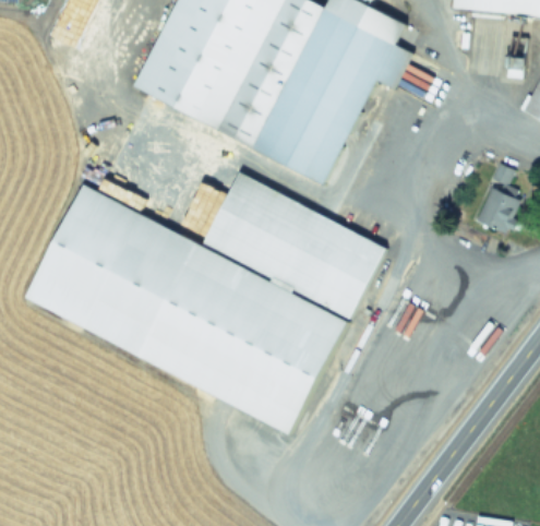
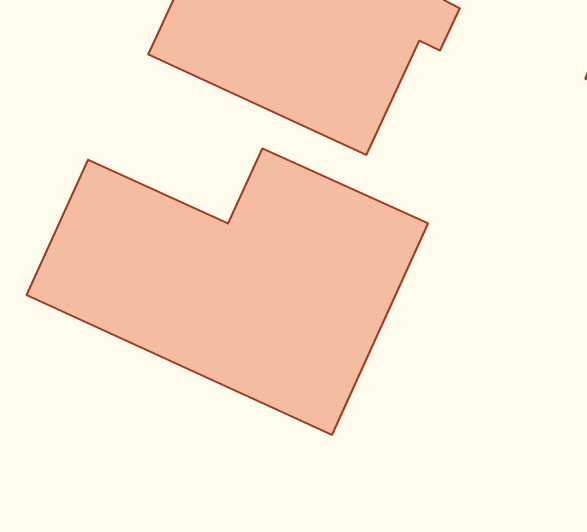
building: [479,169,516,232] -> none

